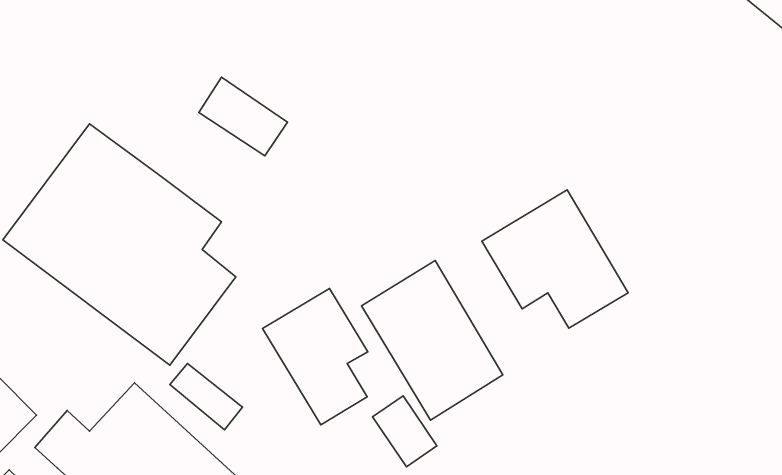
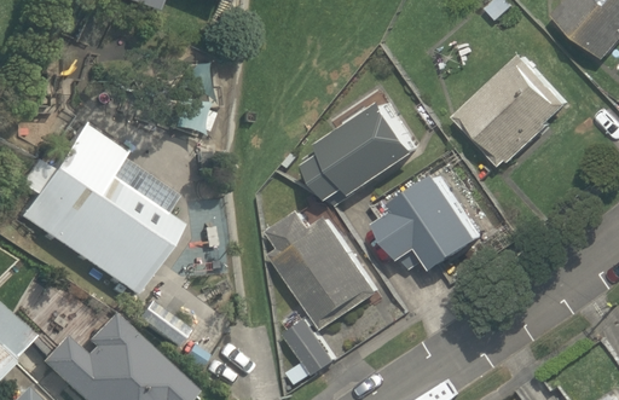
building: none -> [452,54,565,167]
building: none -> [305,98,421,204]
building: [262,289,368,425] -> none

